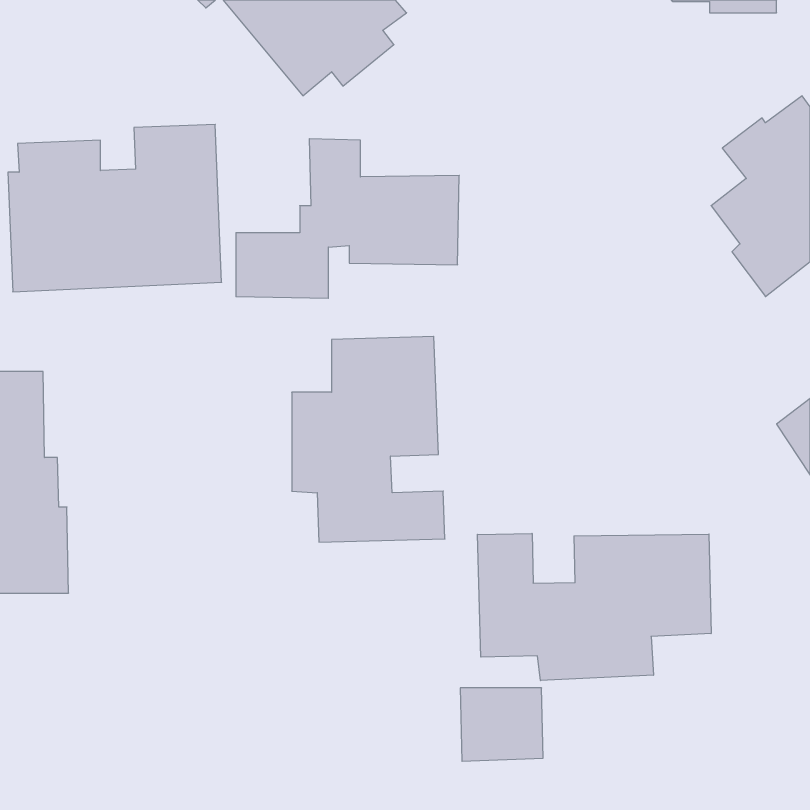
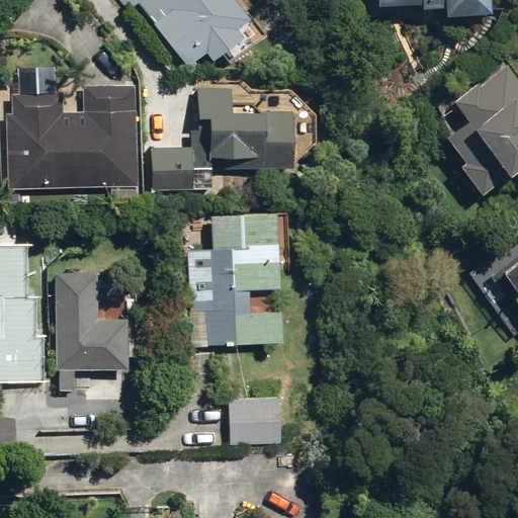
building: none -> [57,270,133,388]
building: [477,533,711,681] -> none
building: [460,688,543,761] -> [230,398,282,444]

